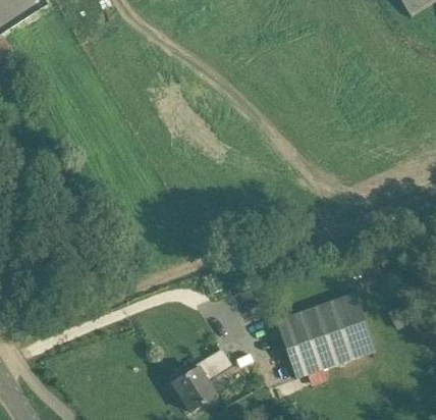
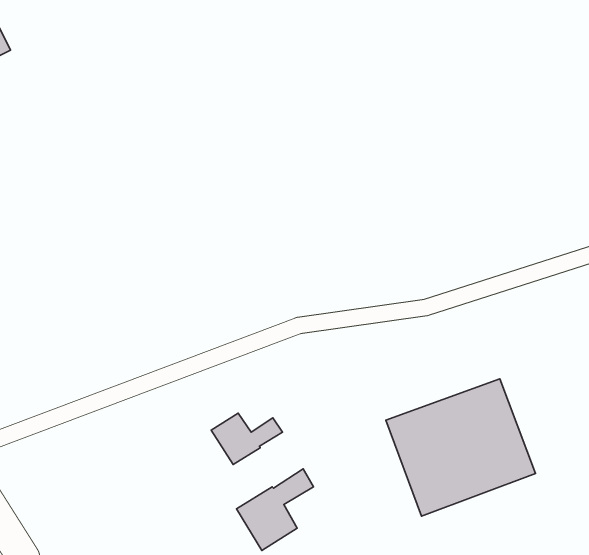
building: none -> [211,413,283,465]

